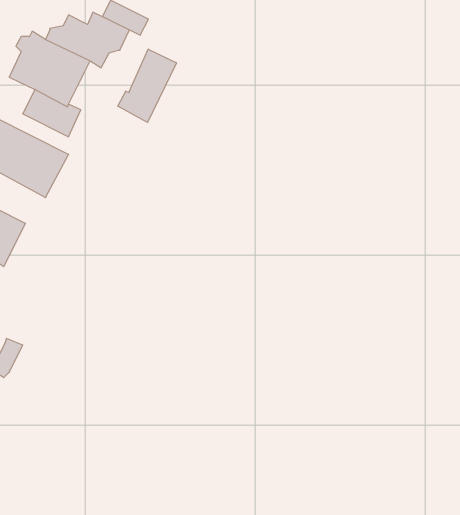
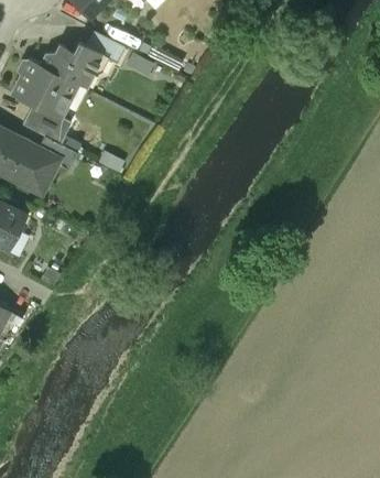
building: [118,49,176,122] -> none

